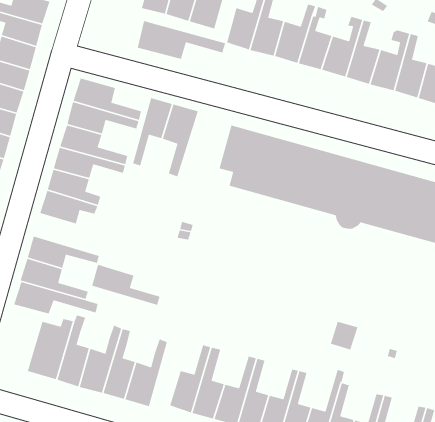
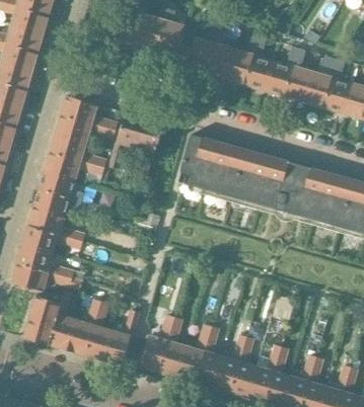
building: [137,20,226,60] -> none
building: [91,264,160,306] -> [28,207,85,241]

